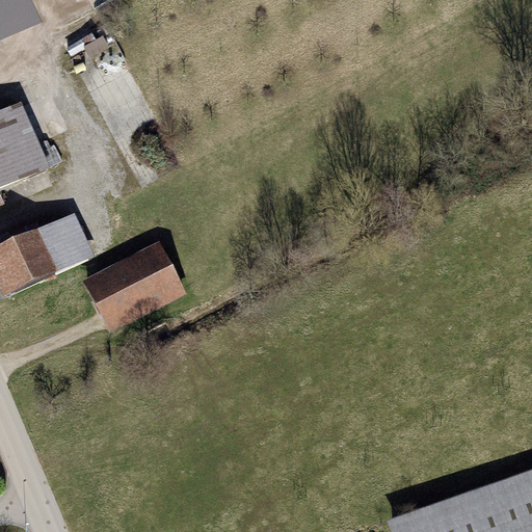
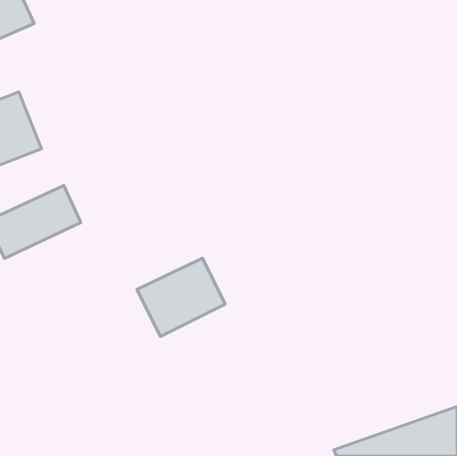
building: [83,241,185,331] -> [137,258,225,337]

